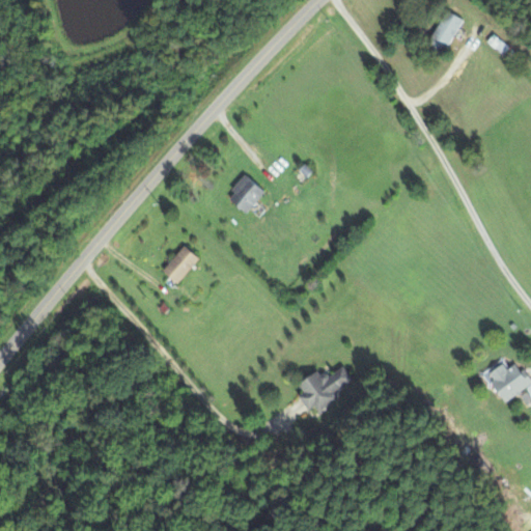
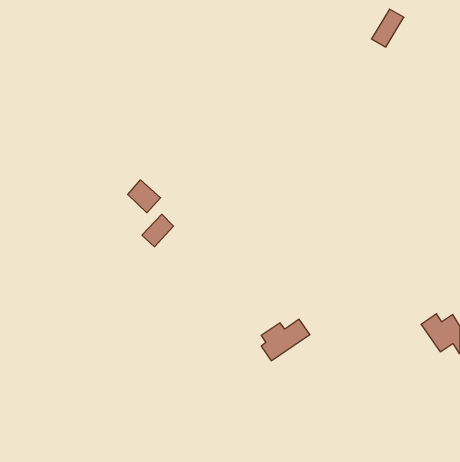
building: [227,175,264,214] -> none
building: none -> [128,180,161,213]

